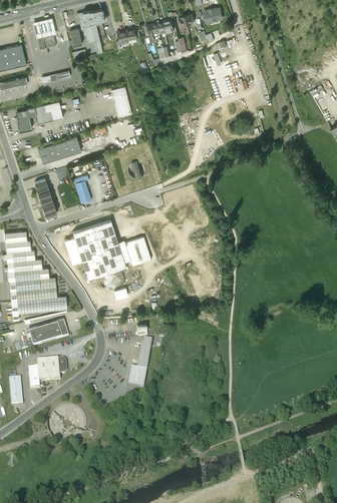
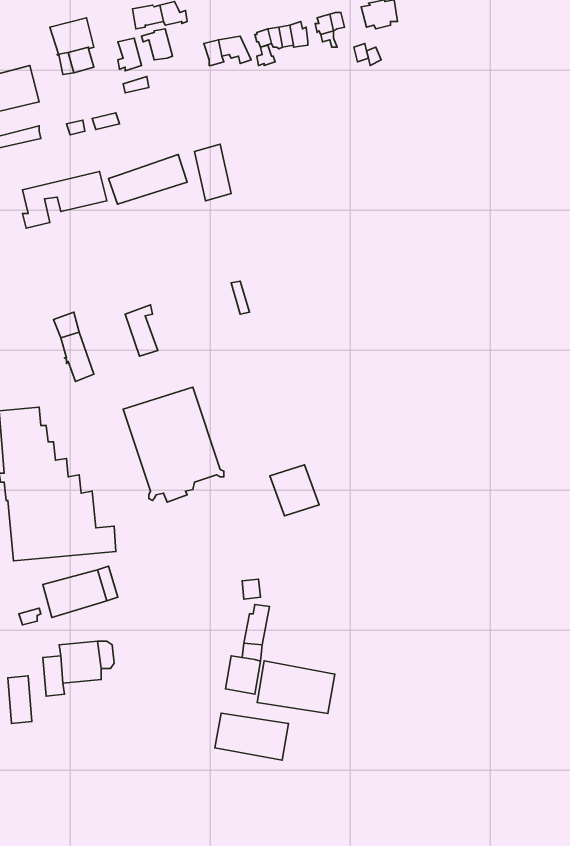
building: [38,137,81,164] -> [108,155,187,204]
building: [124,237,151,266] -> [270,465,319,516]
building: none -> [257,661,335,713]
building: none -> [215,713,288,760]

